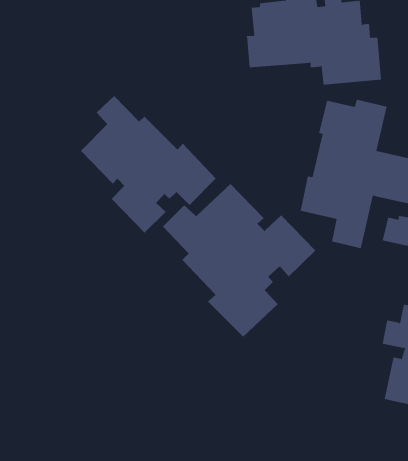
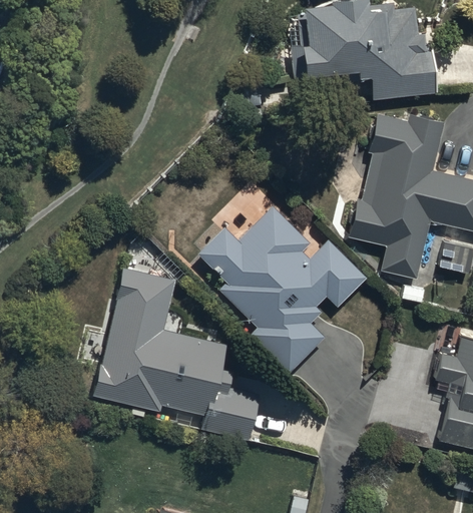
building: [80,95,217,234] -> none
building: none -> [93,268,259,440]

